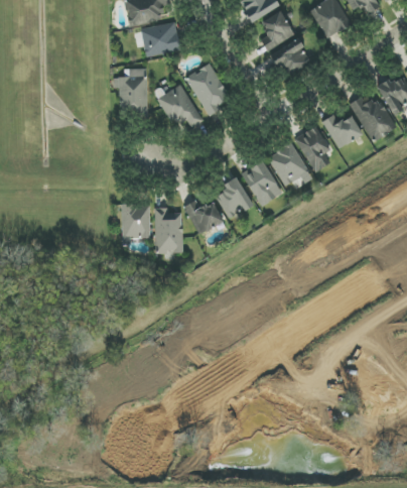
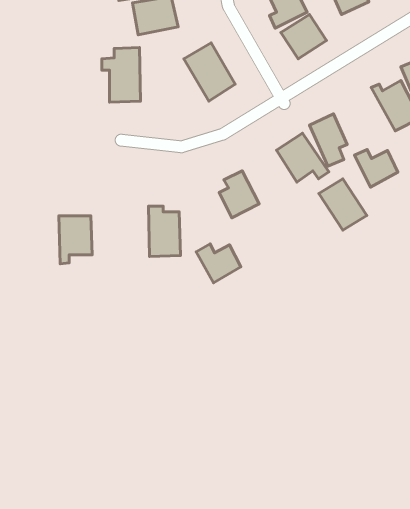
building: [157,85,200,127] -> none
building: [322,115,361,148] -> [355,149,398,187]
building: [240,160,282,206] -> [319,179,367,230]
building: [183,201,223,235] -> [196,244,241,283]
building: [121,204,150,246] -> [59,216,92,264]

